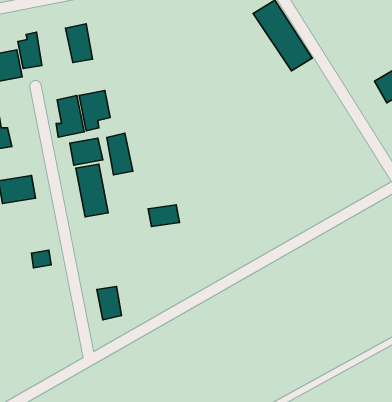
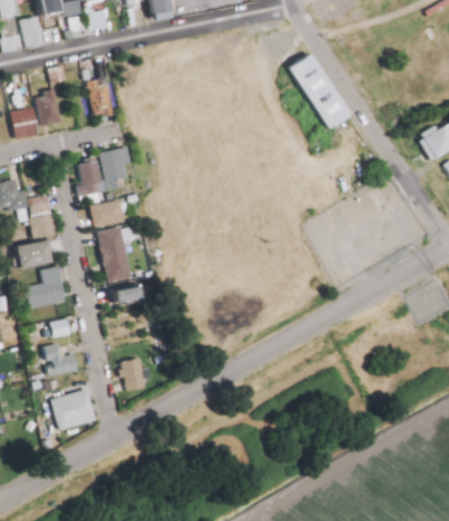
building: [107,133,133,175] -> none
building: none -> [28,195,57,237]
building: none -> [25,266,66,307]
building: [148,205,179,227] -> [109,283,143,306]
building: none -> [41,343,80,379]
building: none -> [49,389,99,436]

